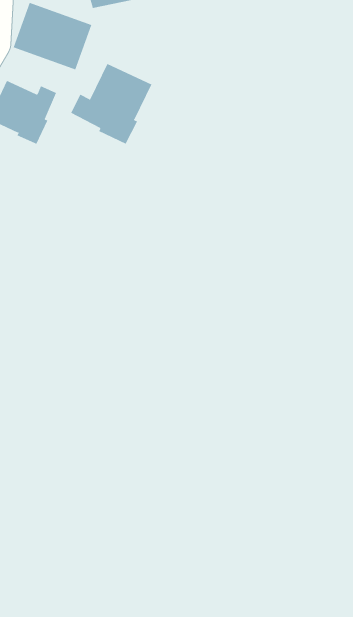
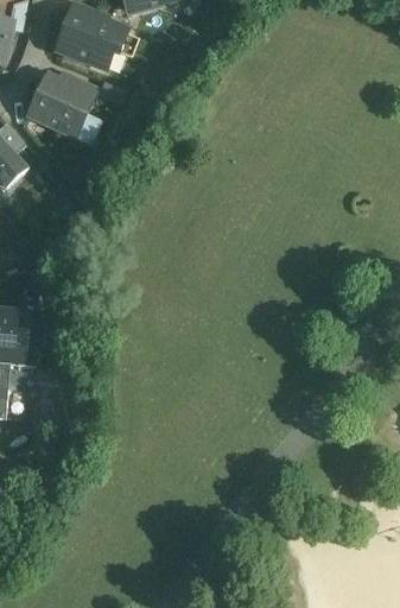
building: [71,63,152,145] -> none

